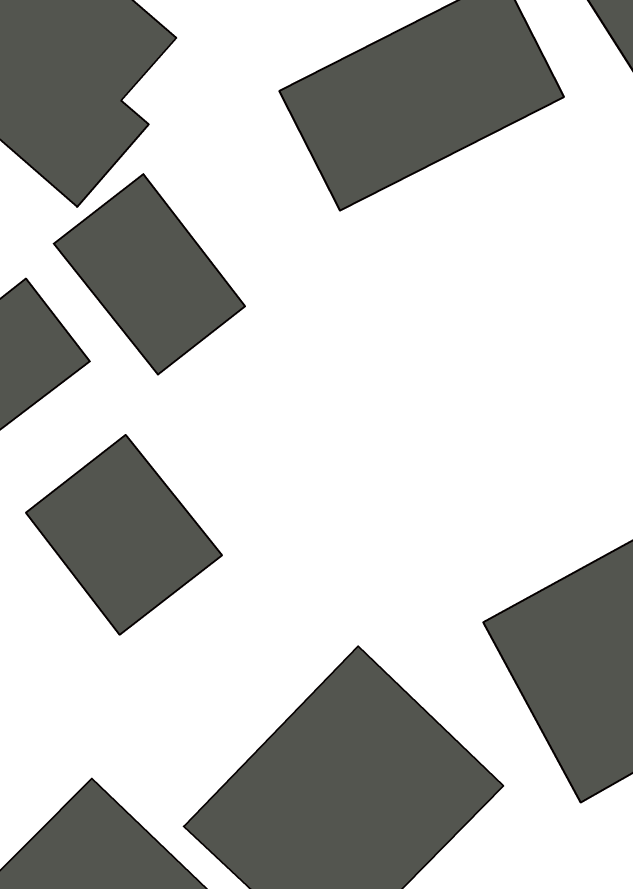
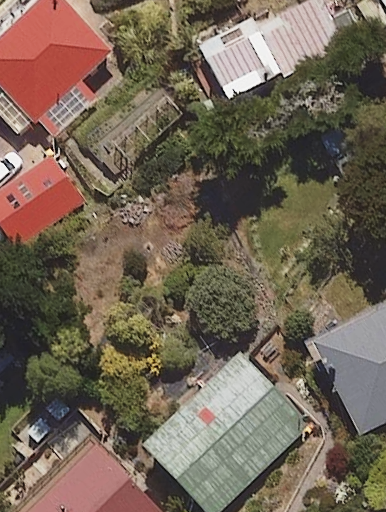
building: [54,174,245,375] -> none
building: [26,435,222,635] -> none

